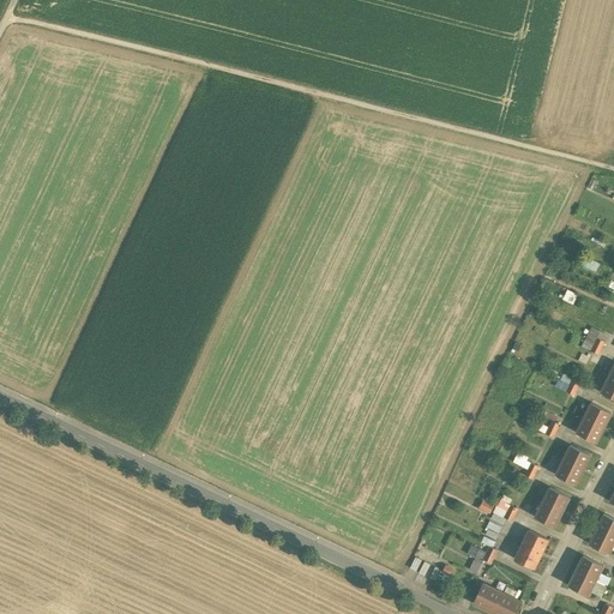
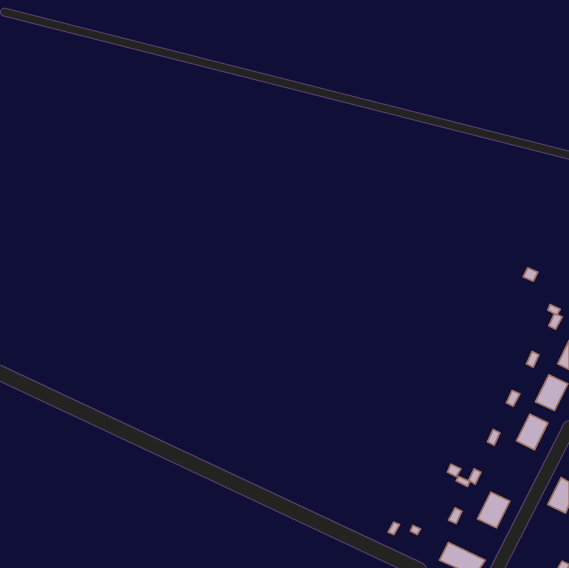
building: [535,489,568,528] -> none
building: [567,558,602,597] -> none

